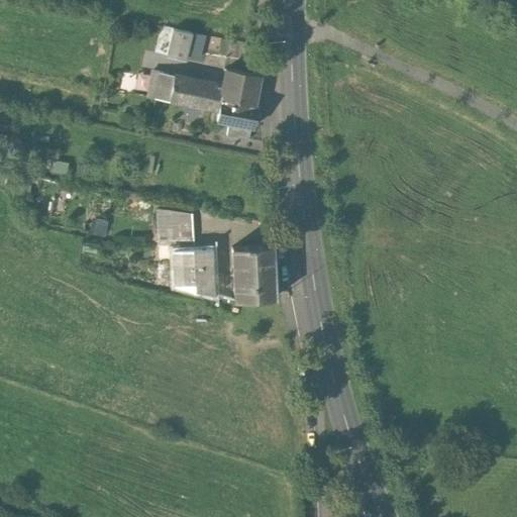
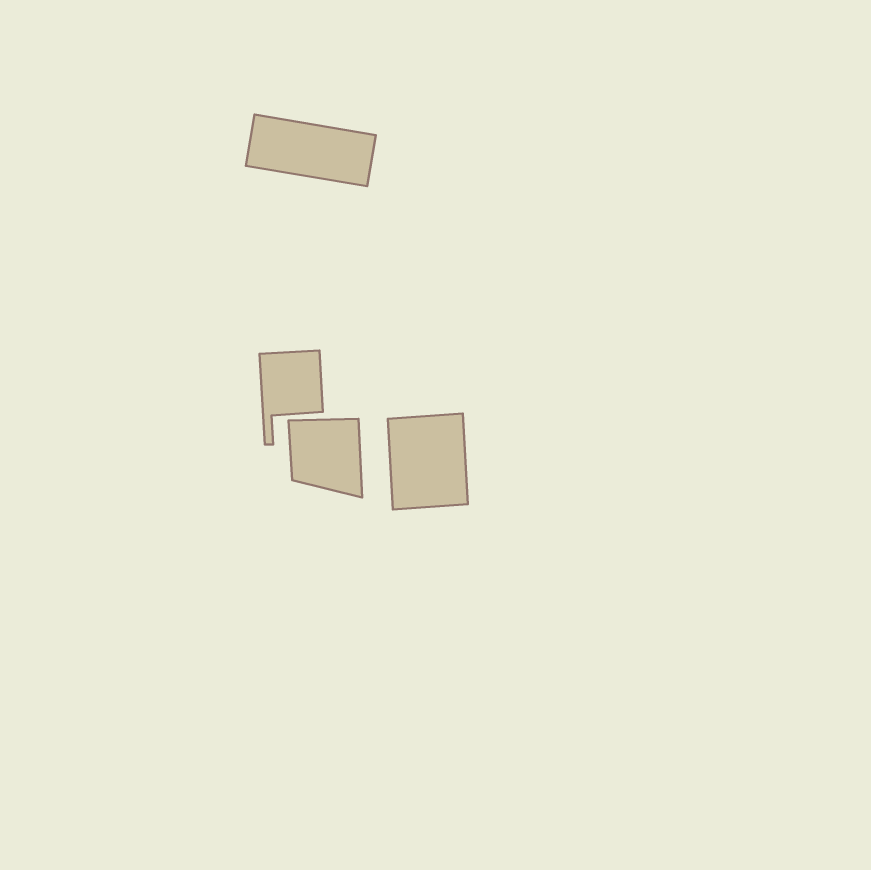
building: [158,25,207,65] -> none
building: [216,68,266,128] -> none

